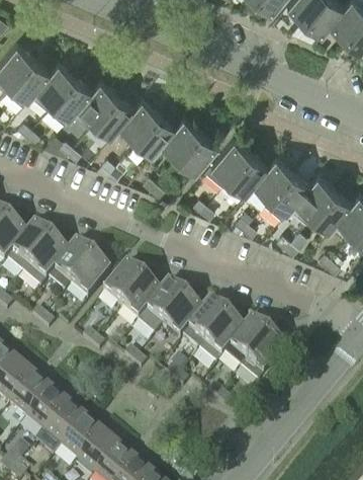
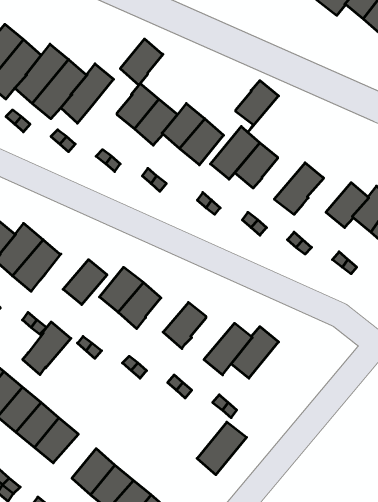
building: [94,90,133,133] -> [120,39,163,85]
building: [253,153,292,201] -> [236,81,279,132]
building: [290,170,335,219] -> none
building: [49,241,93,290] -> [23,322,71,375]
building: [138,282,185,333] -> none
building: [182,300,228,348] -> none
building: [241,332,286,381] -> [197,422,247,475]
building: [61,417,100,458] -> none

